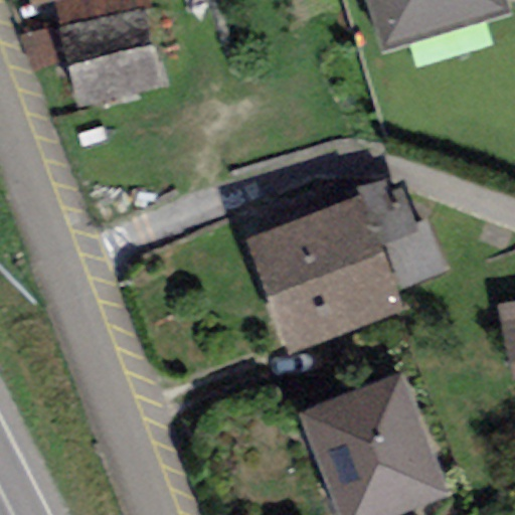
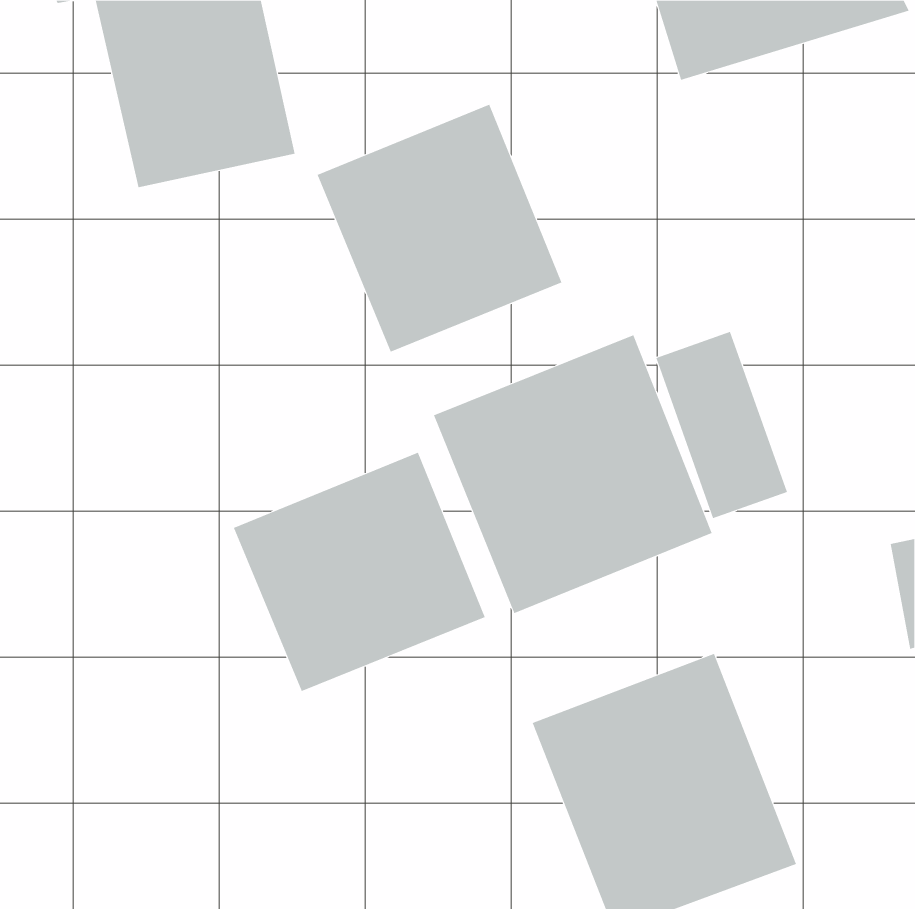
building: none -> [317,104,562,352]
building: none -> [233,452,486,692]

